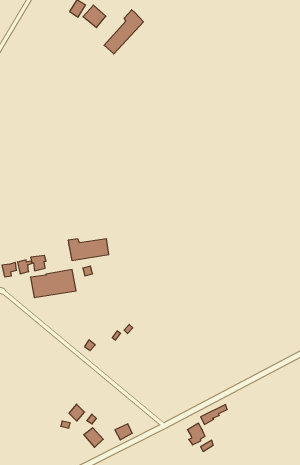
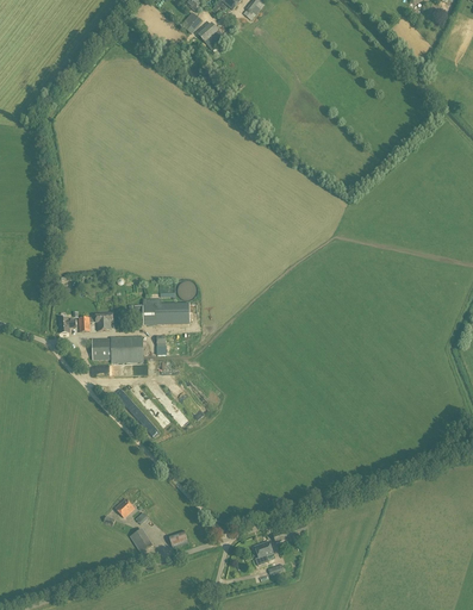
building: [104,10,143,54] -> none

